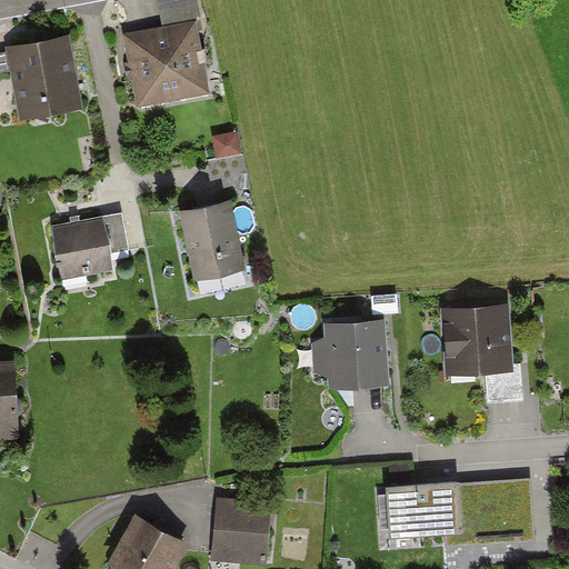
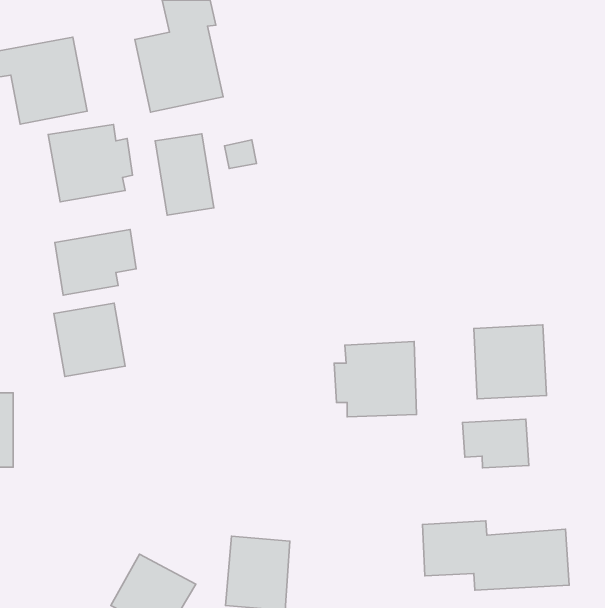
building: none -> [48,124,132,202]
building: [183,202,238,278] -> [155,134,214,215]
building: none -> [54,303,125,376]
building: none -> [462,419,529,468]

